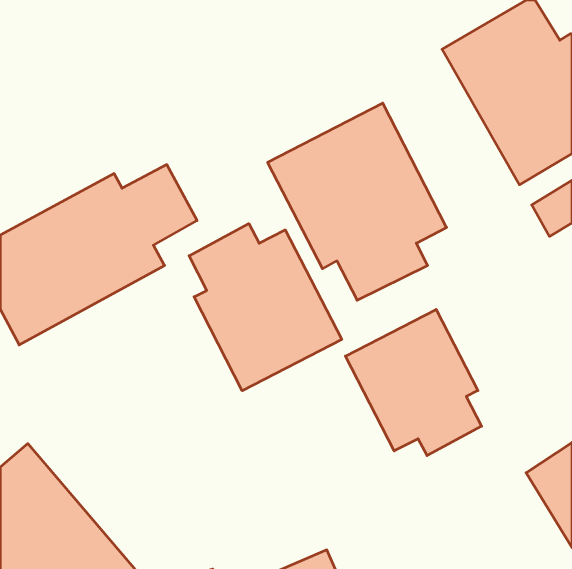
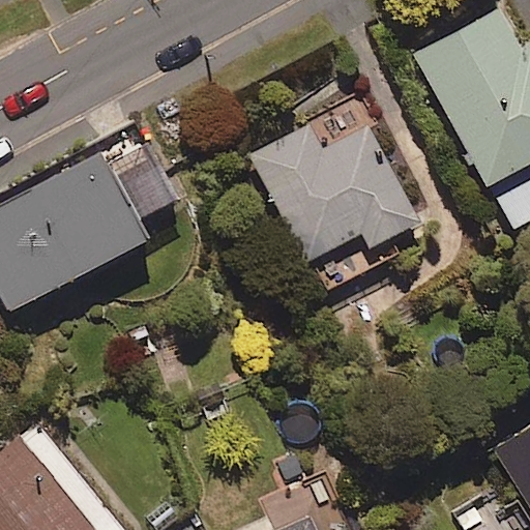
building: [189,224,342,391] -> none
building: [345,309,482,456] -> none

